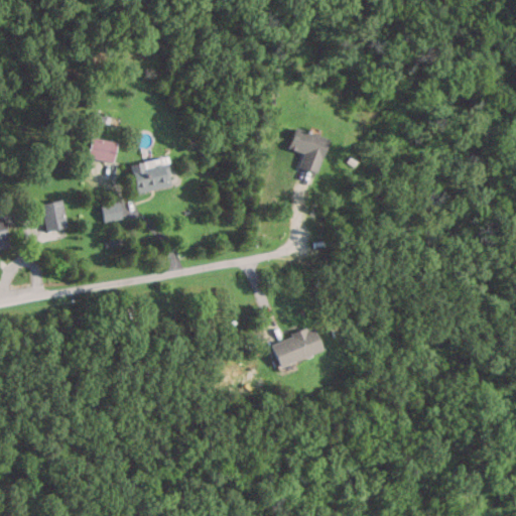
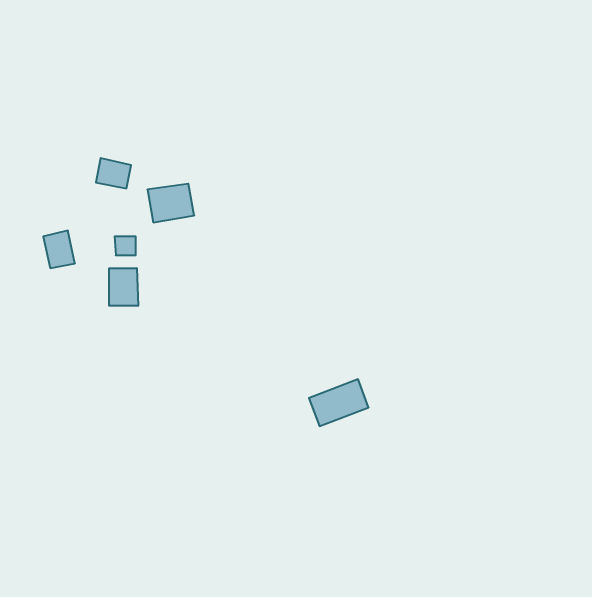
building: [289,129,328,172] -> none
building: none -> [109,268,138,306]

